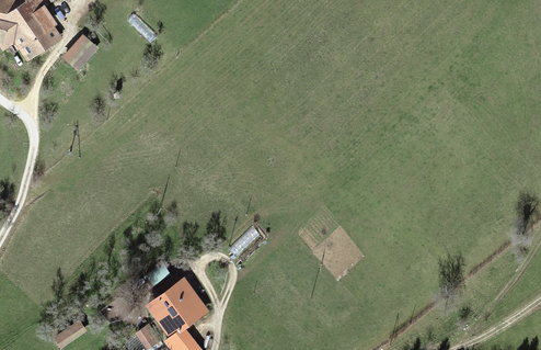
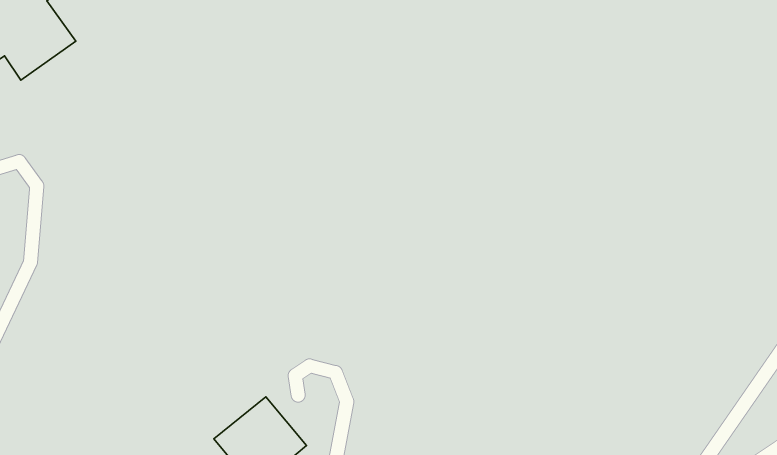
building: [58,36,94,72] -> none

